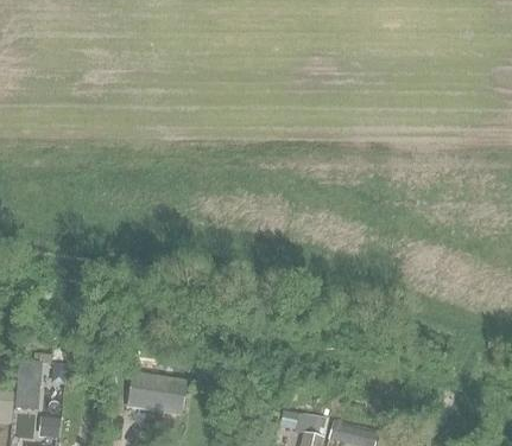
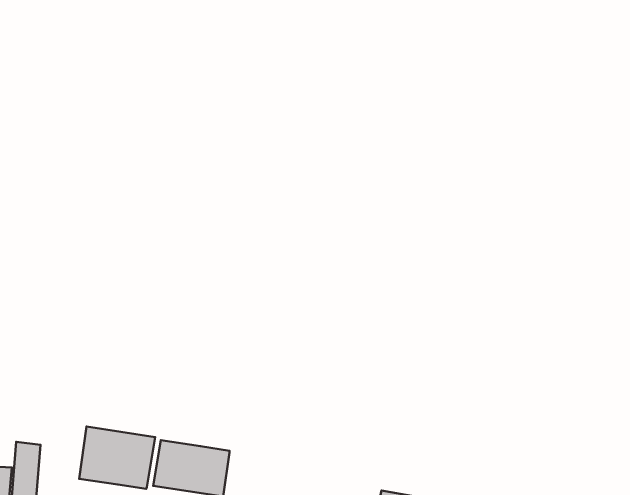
building: none -> [79,427,155,489]

